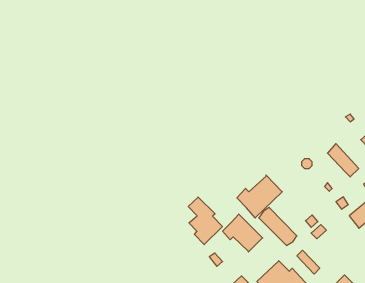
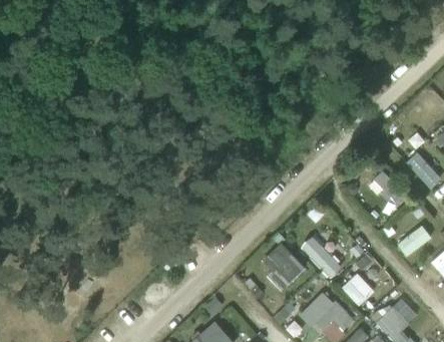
building: [237,175,282,218] -> none
building: [188,197,222,245] -> none

